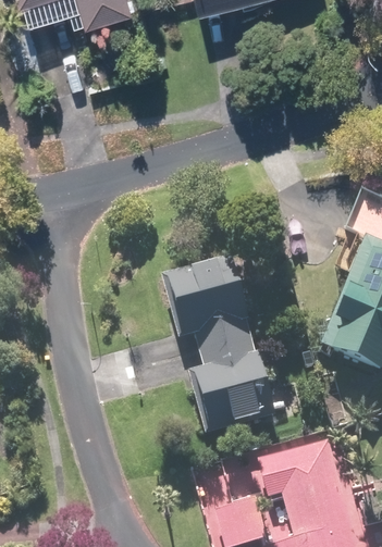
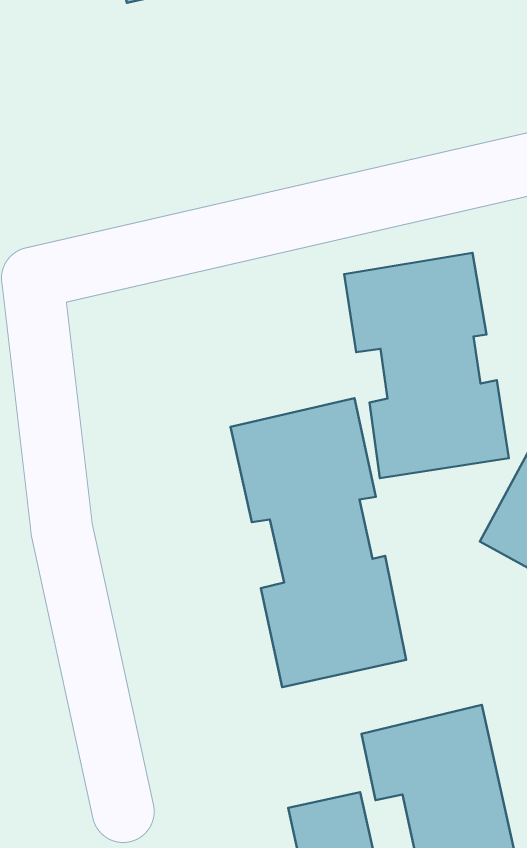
building: none -> [344,253,509,478]

